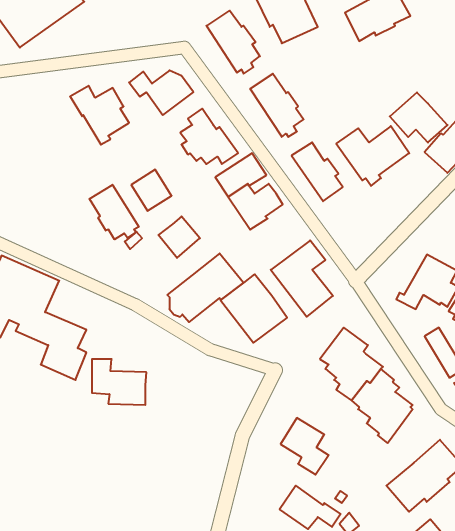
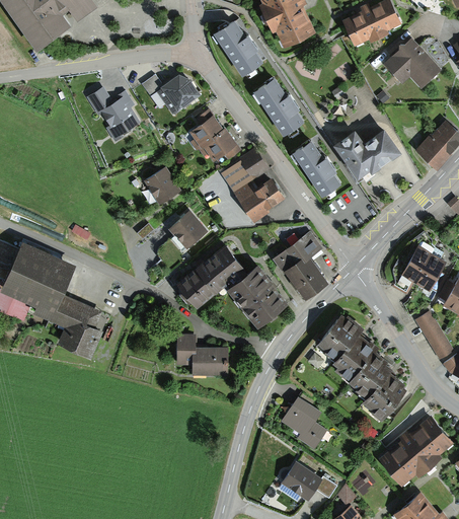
building: [390,92,448,143] -> [385,40,439,86]
building: [89,185,139,239] -> none
building: [92,359,146,405] -> [177,335,228,377]

